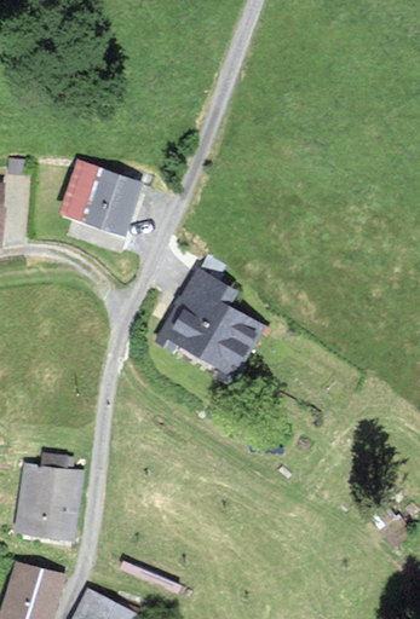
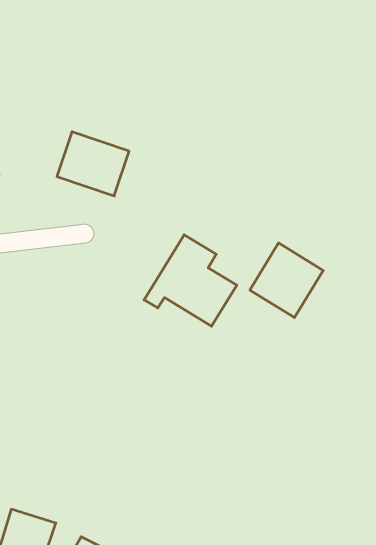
building: none -> [250,243,323,318]
building: [17,468,77,538] -> none

